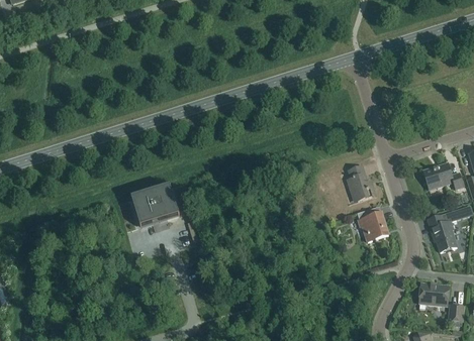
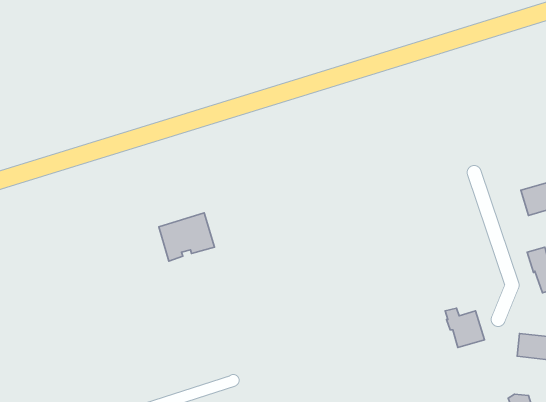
building: [347,163,376,201] -> none
building: [357,209,388,240] -> [445,308,485,348]

